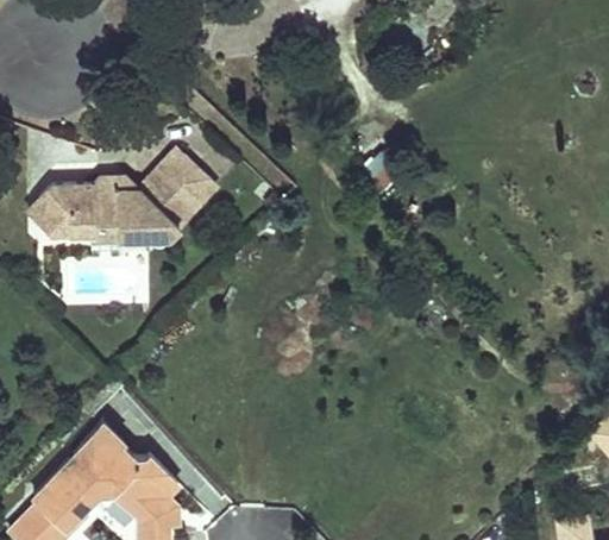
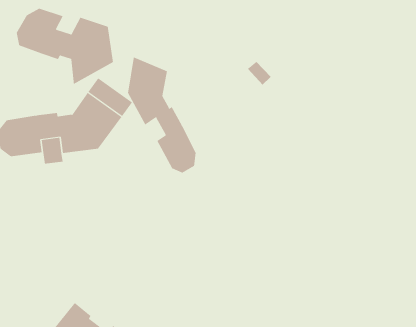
building: none -> [16,8,113,85]
building: none -> [128,57,196,174]

